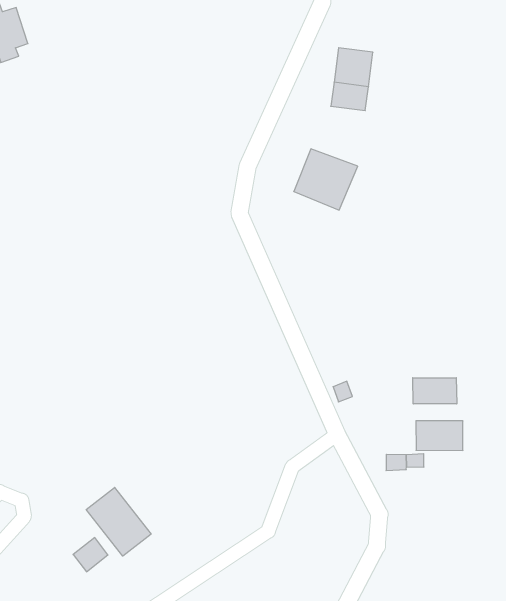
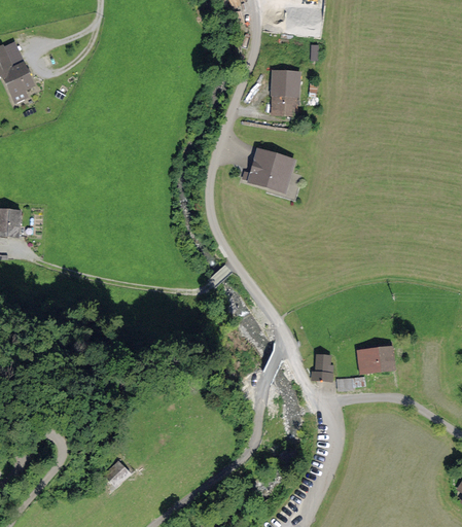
building: [413,378,457,404] -> none
building: none -> [311,353,334,381]
building: [86,487,151,556] -> none

